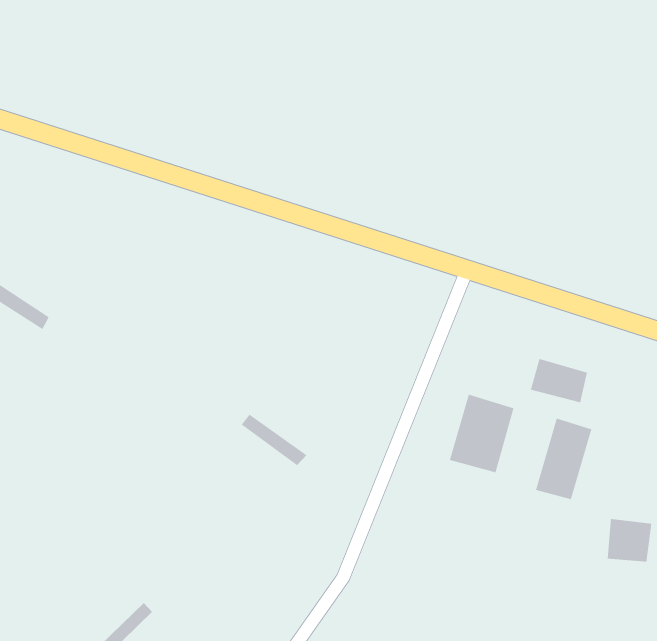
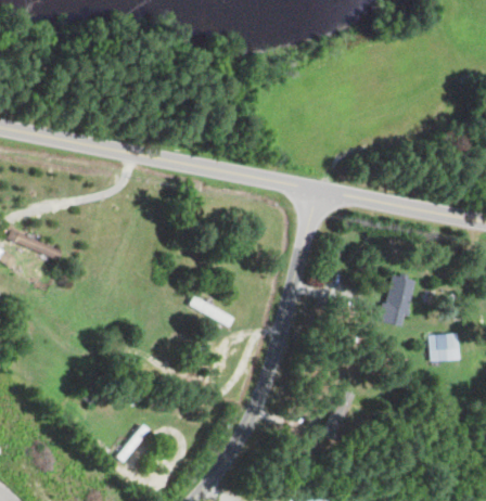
building: [530,358,587,403] -> none
building: [449,394,514,473] -> none

